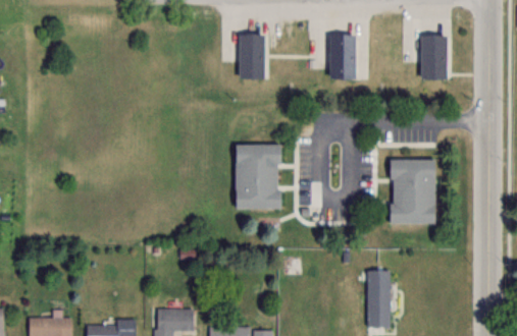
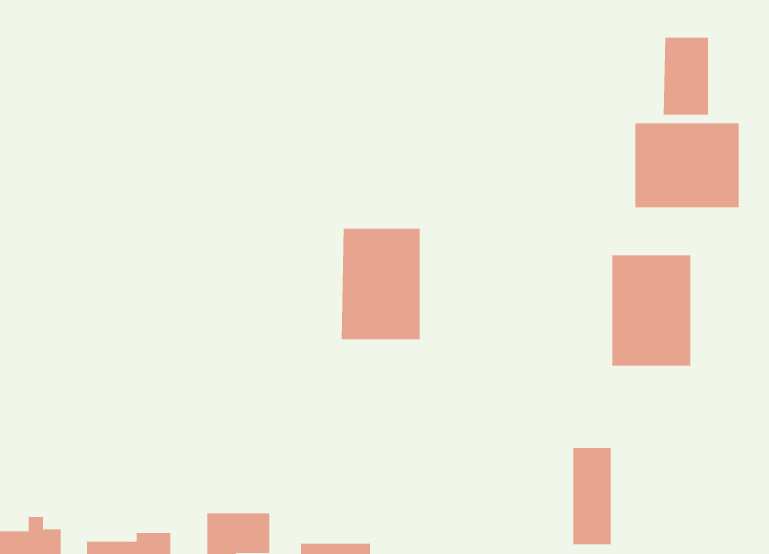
building: [239,34,264,78] -> none
building: [329,35,356,79] -> none
building: none -> [635,122,739,208]

